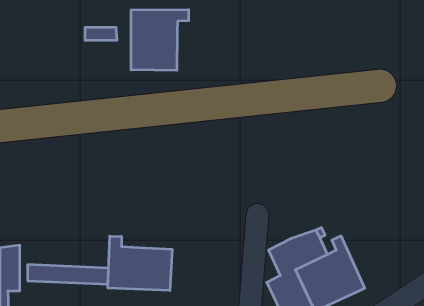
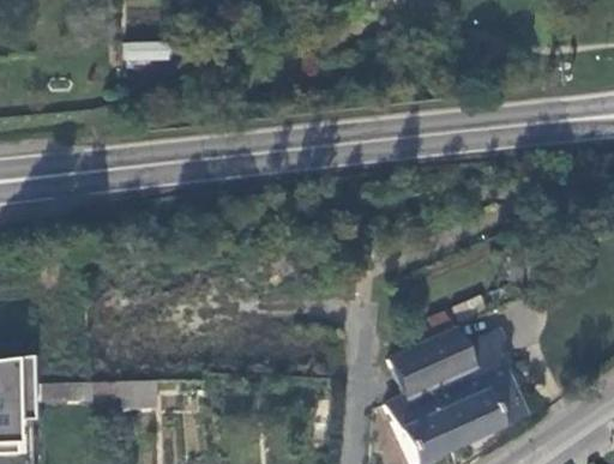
building: [131,10,189,70] -> none
building: [108,236,172,291] -> none

